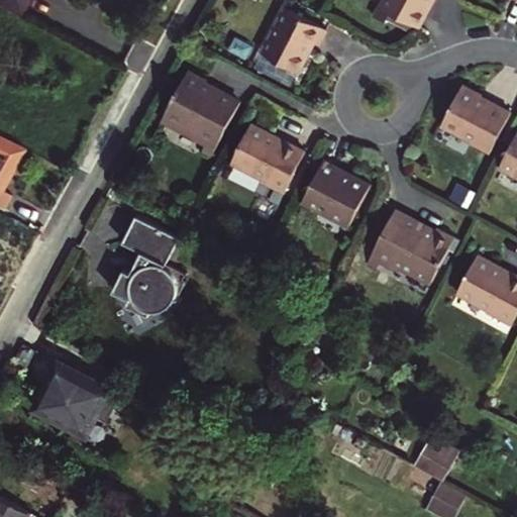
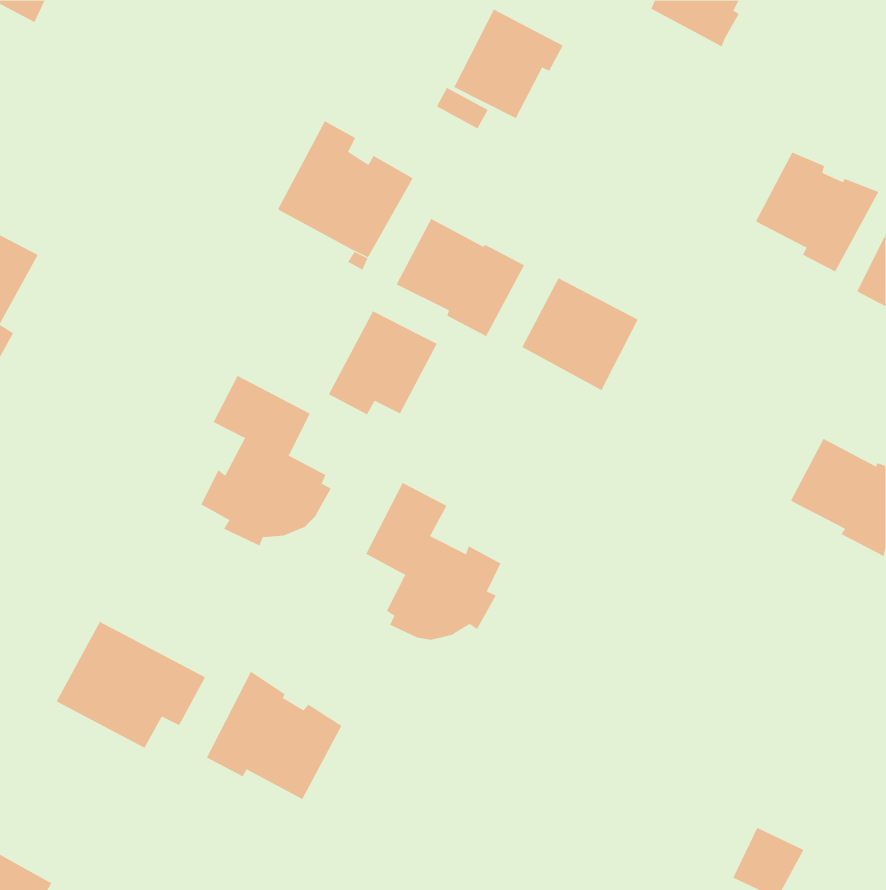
building: none -> [328,310,438,415]
building: [374,207,456,280] -> none
building: none -> [366,482,501,641]
building: none -> [206,671,342,800]
building: [413,435,457,480] -> none

